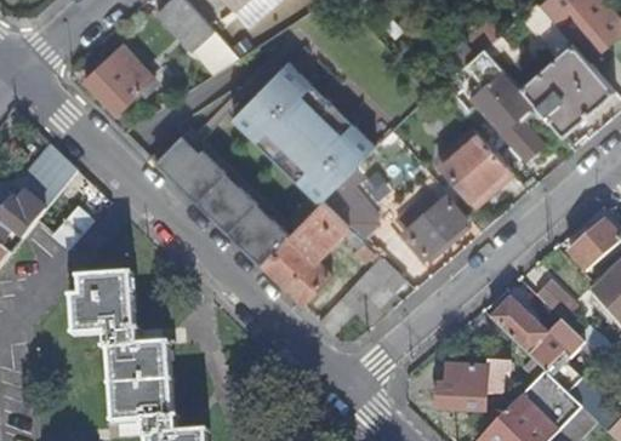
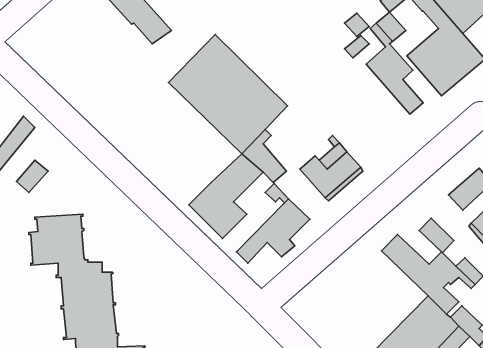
building: [85,44,163,113] -> none
building: [434,128,508,202] -> none
building: [155,138,285,264] -> none
building: [435,361,506,411] -> none

